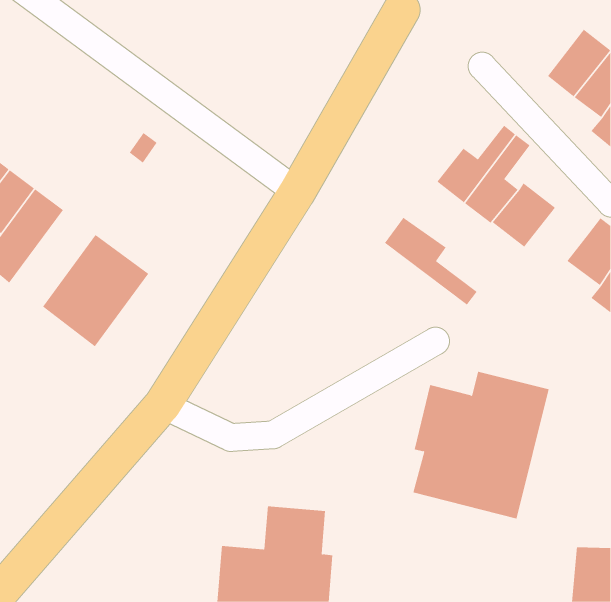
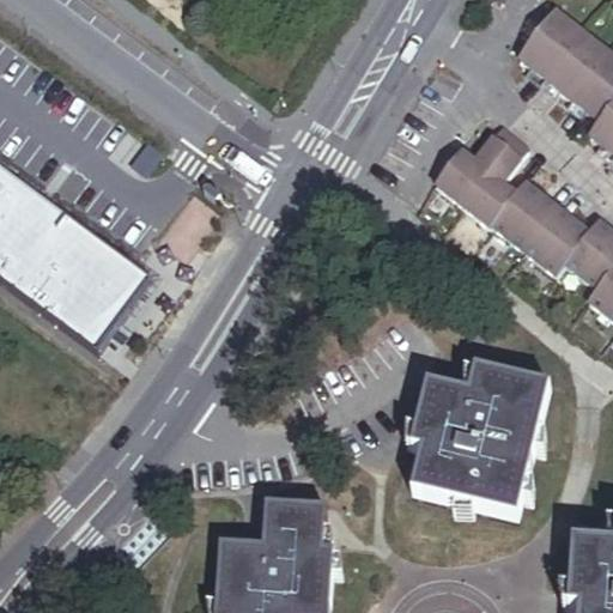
building: none -> [517,8,581,75]
building: none -> [522,207,585,272]
building: none -> [10,210,95,305]
building: [384,217,477,305] -> none

